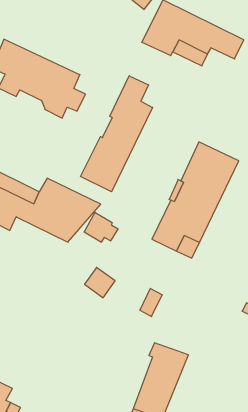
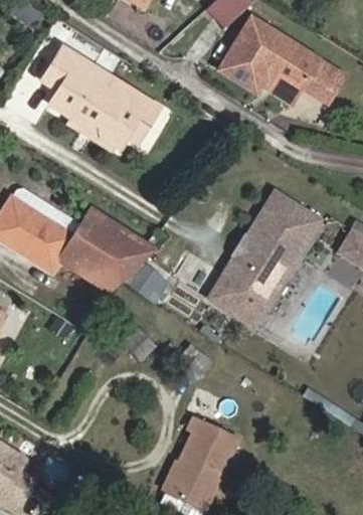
building: [81,76,153,192] -> none

